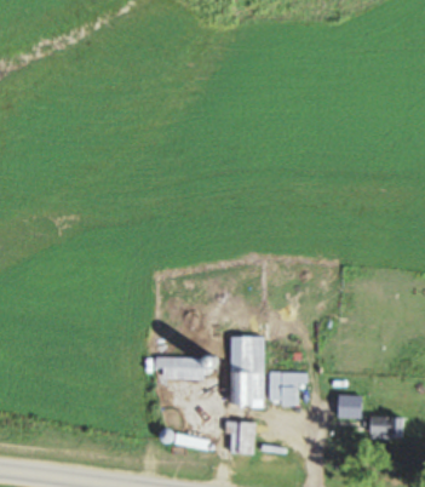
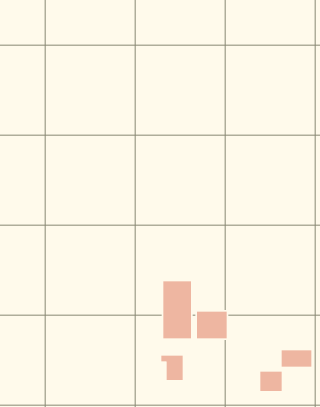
building: [154,359,217,378] -> none
building: [335,394,362,418] -> [260,371,283,392]

